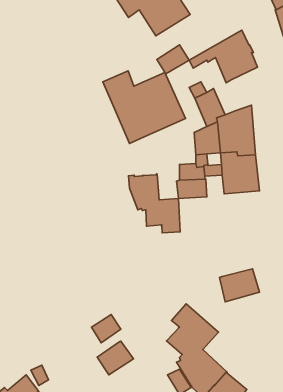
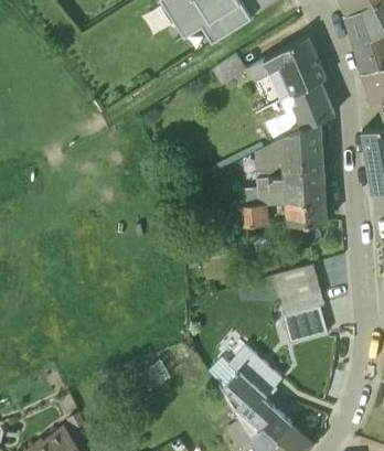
building: none -> [290,78,332,129]
building: [103,71,186,144] -> none
building: [129,174,180,233] -> none
building: none -> [277,266,323,316]
building: [97,341,134,375] -> none

